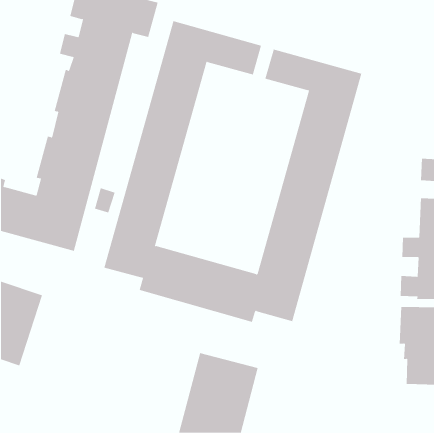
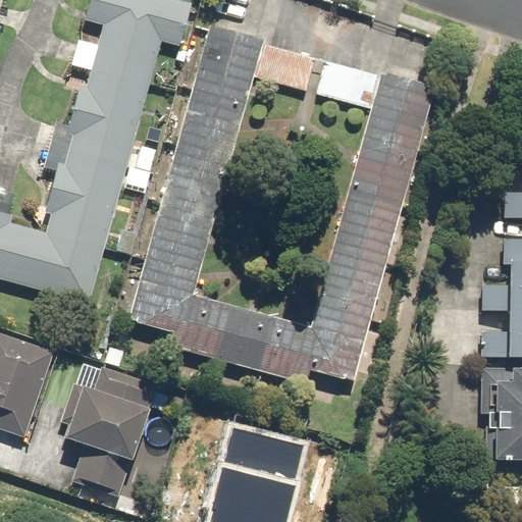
building: none -> [60,366,153,500]

